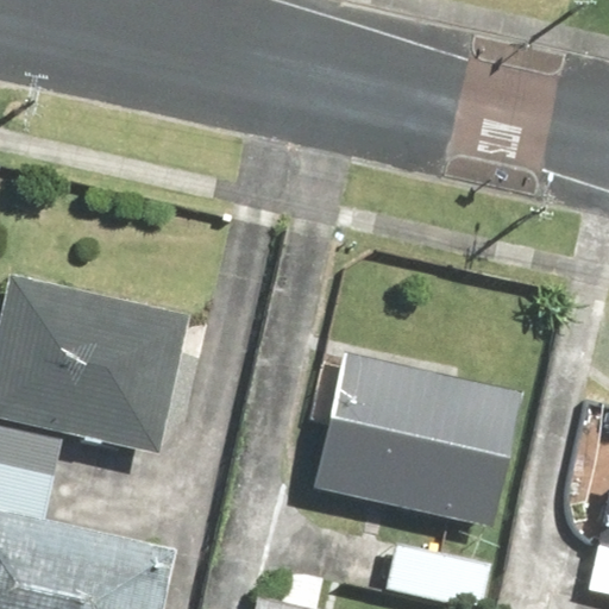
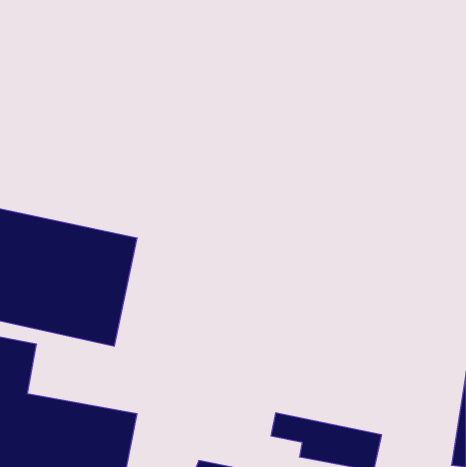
building: [322,366,521,527] -> none

